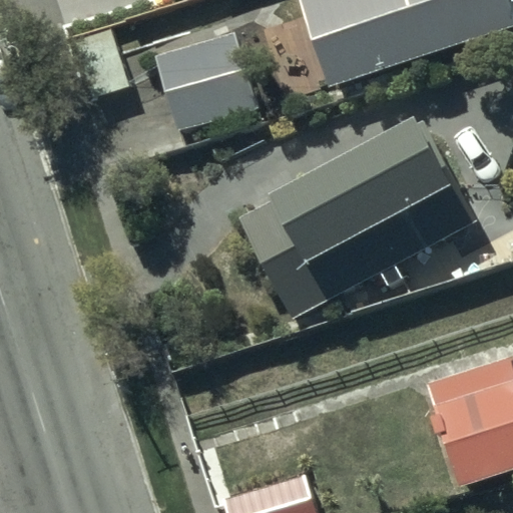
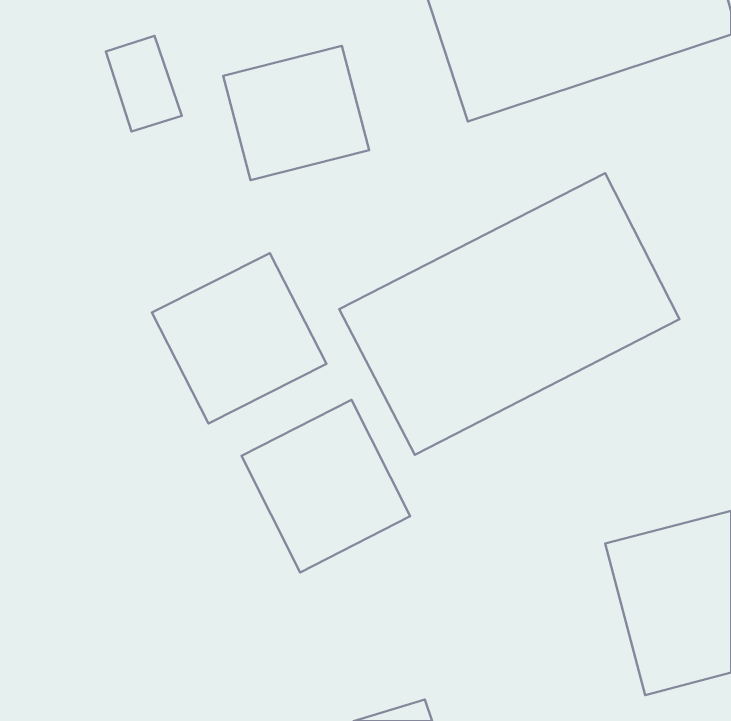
building: none -> [152,253,327,423]
building: none -> [242,400,410,572]

